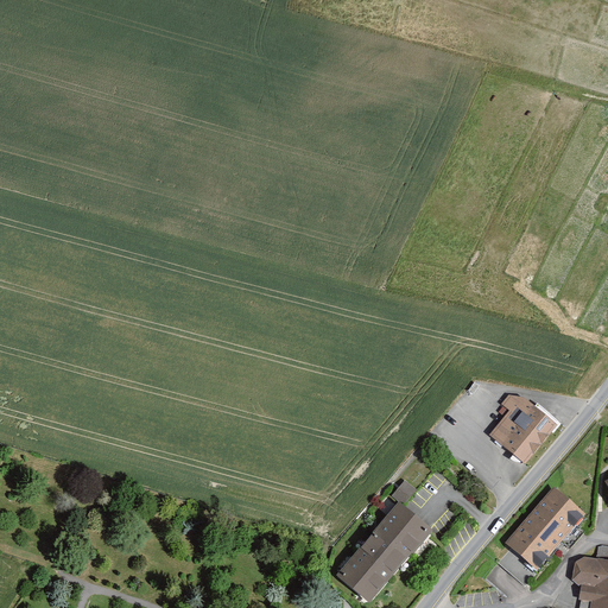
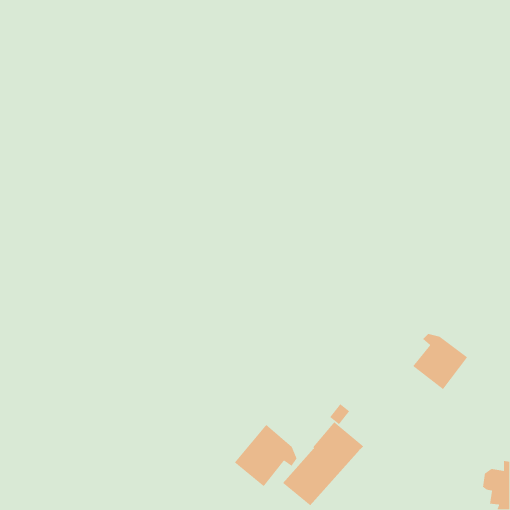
building: [507,489,582,568] -> none
building: none -> [234,424,297,487]

